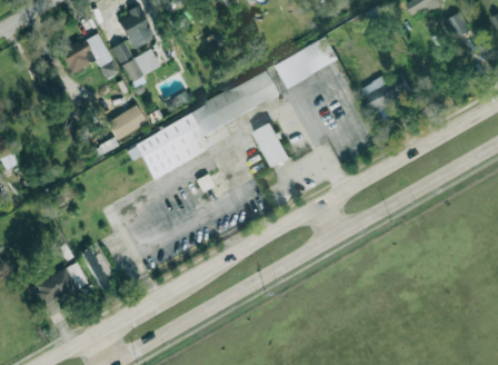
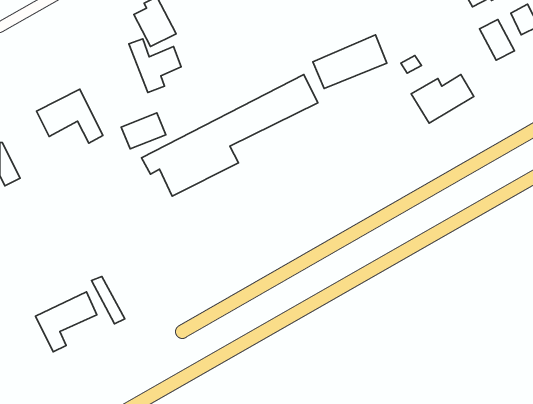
building: none -> [480,19,515,60]
building: [60,32,118,79] -> [36,89,103,143]
building: [253,122,290,168] -> none

